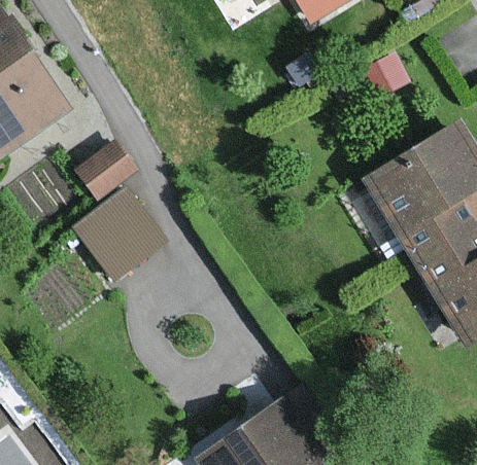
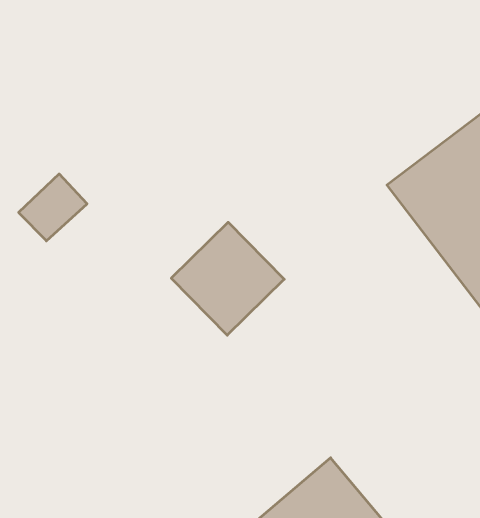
building: [74,188,163,277] -> [171,222,284,335]

